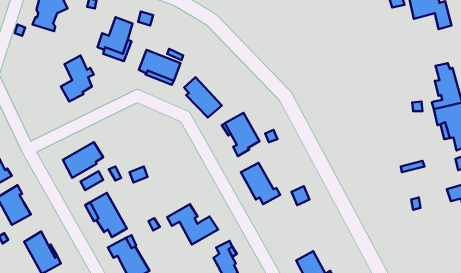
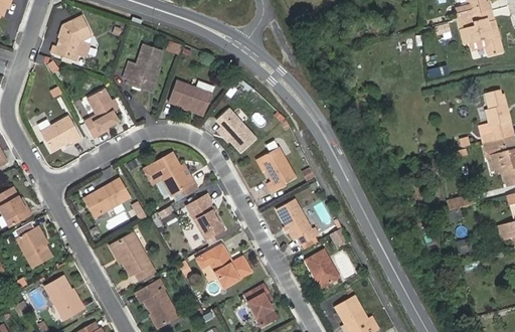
building: none -> [39,113,81,149]
building: none -> [144,152,194,194]
building: none -> [186,195,223,239]
building: none -> [305,250,338,286]

